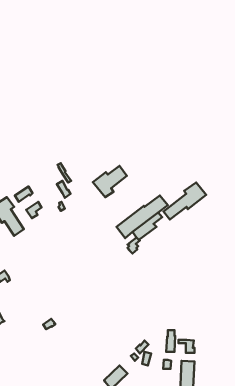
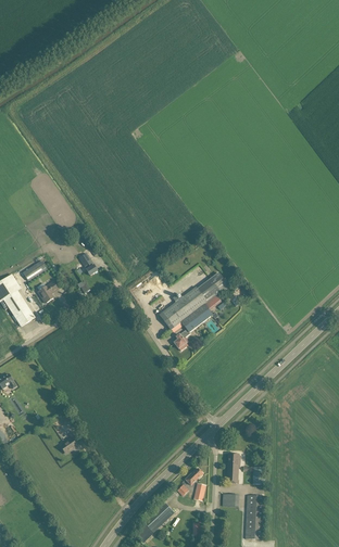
building: [93,166,127,197] -> none
building: [164,182,206,220] -> none

